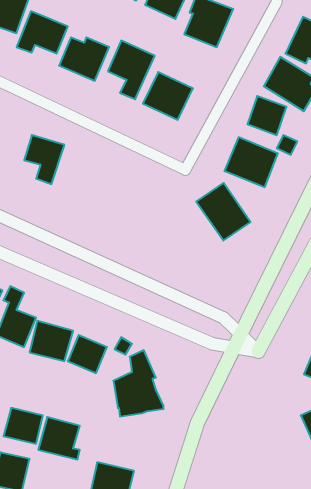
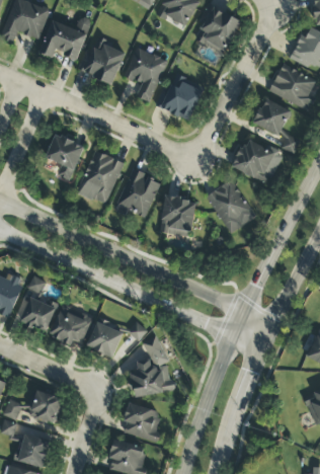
building: none -> [77,150,124,205]
building: none -> [115,169,161,217]
building: none -> [160,194,195,236]
building: [38,417,80,459] -> [123,402,161,442]

